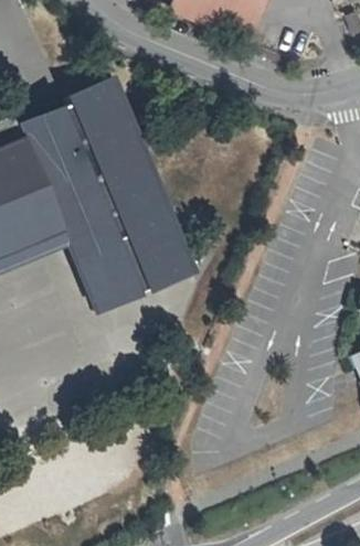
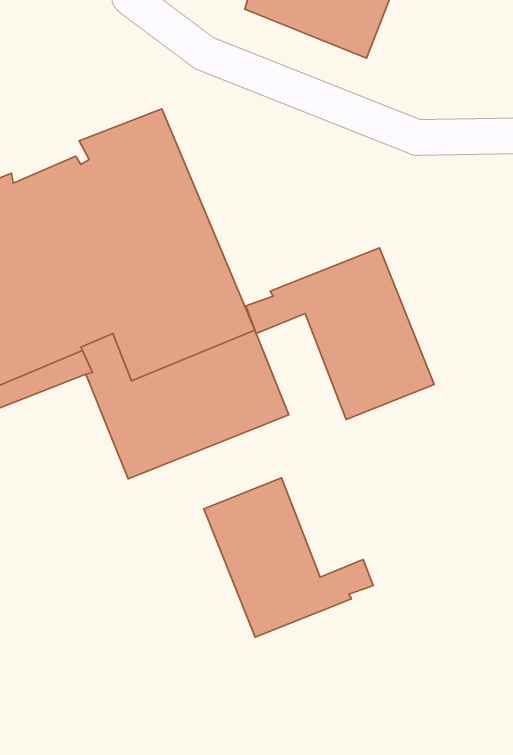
building: none -> [246,248,434,419]
building: none -> [204,478,373,637]

